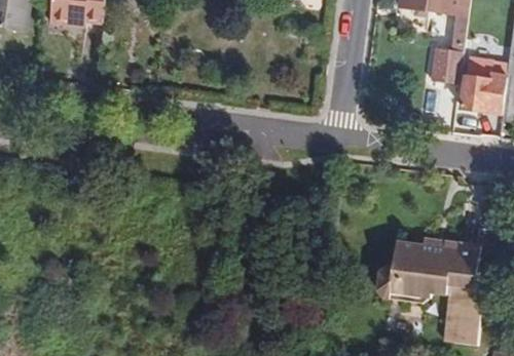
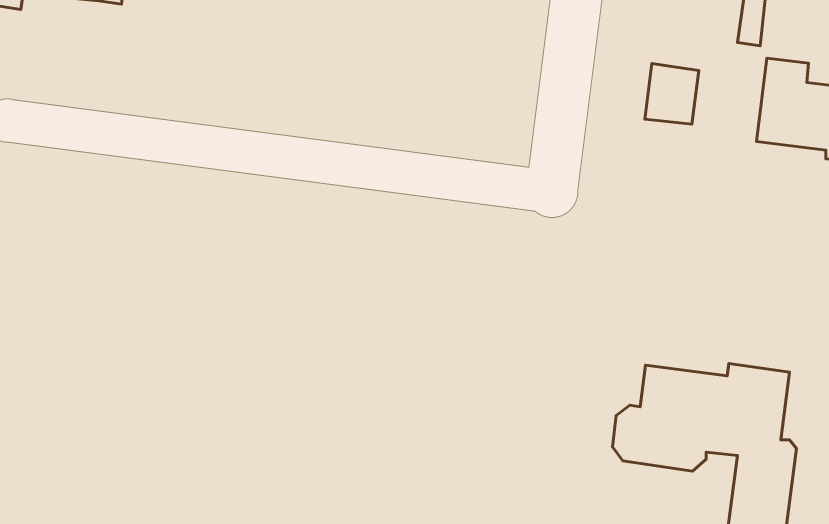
building: [431,48,463,84] -> [645,64,699,124]

